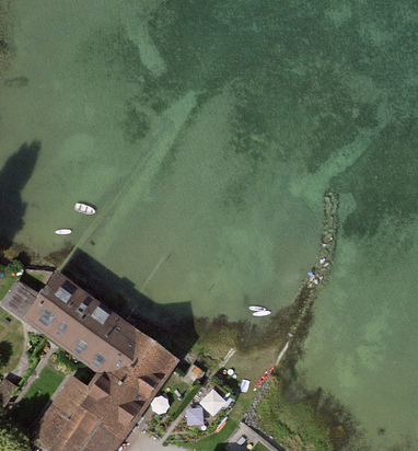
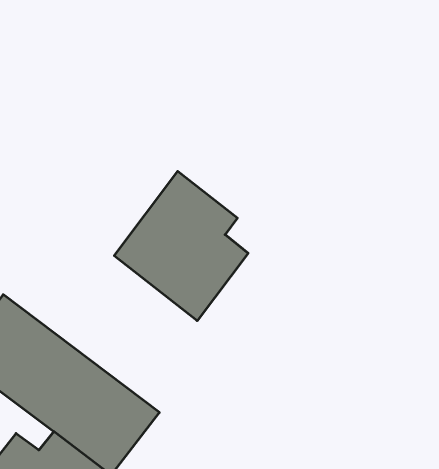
building: none -> [114,171,248,321]

